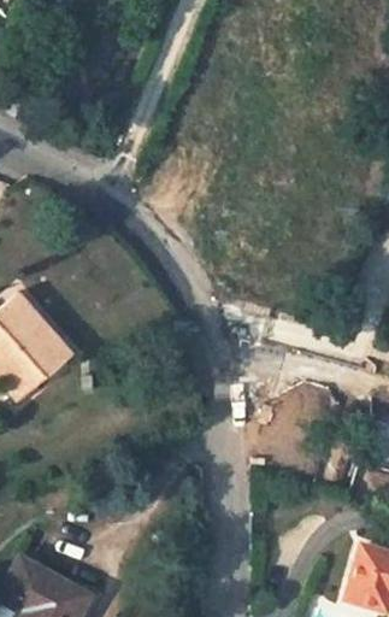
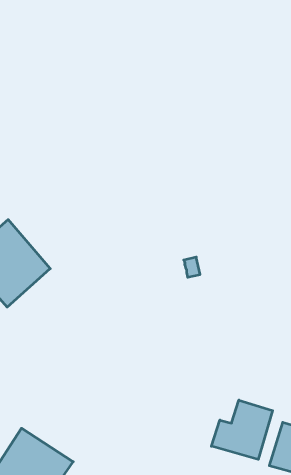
building: none -> [211,400,273,459]

